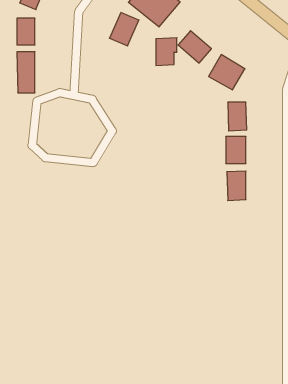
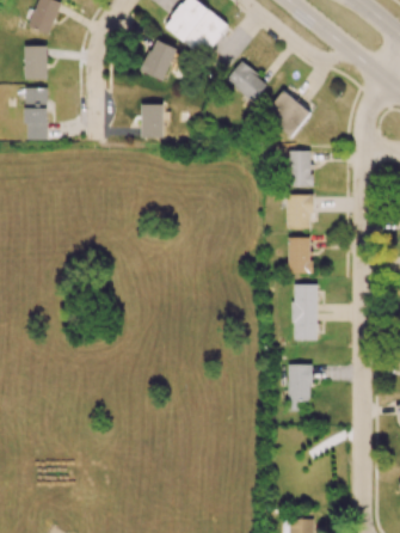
building: [156,38,177,65] -> [142,103,168,137]
building: none -> [293,283,318,339]
building: none -> [288,363,312,410]

